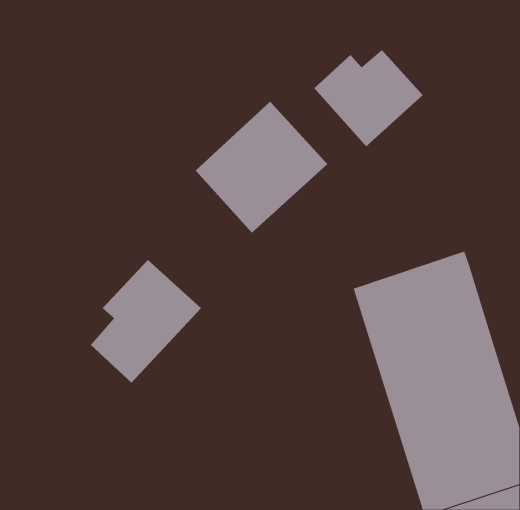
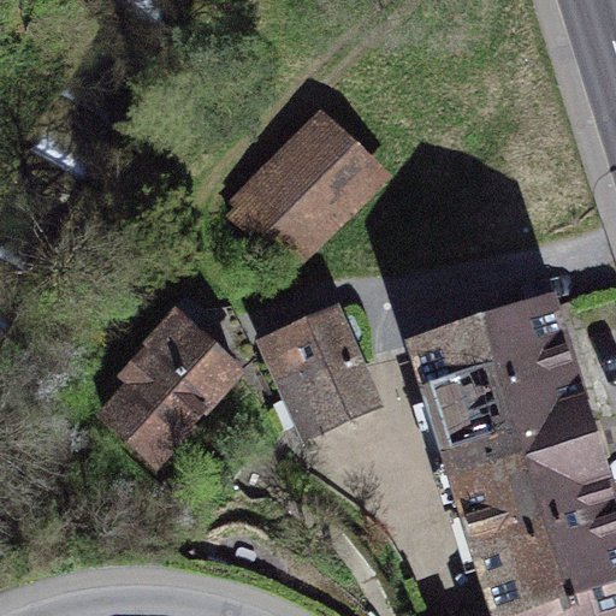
building: [314,49,423,147] -> none
building: none -> [265,303,377,426]

